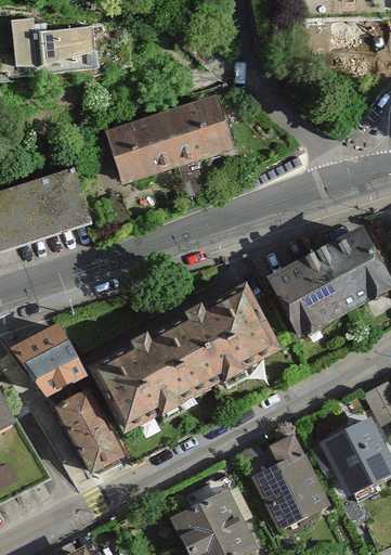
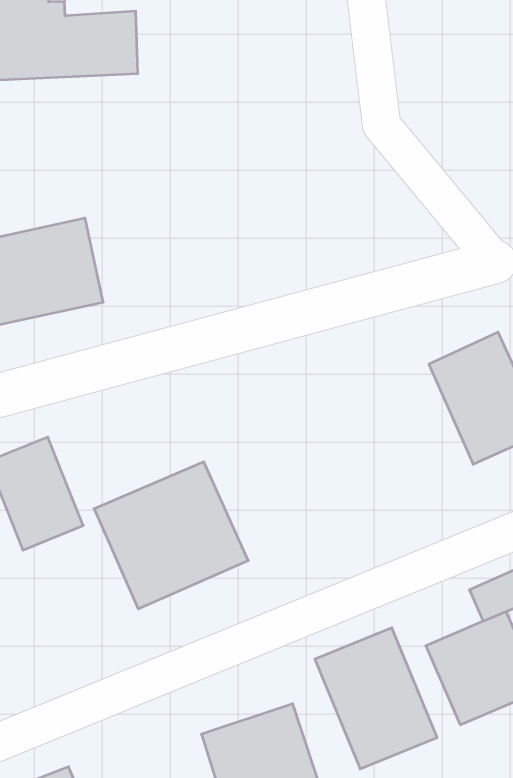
building: [108,96,234,182] -> none
building: [259,251,346,345] -> none
building: [162,287,276,393] -> none
building: [51,388,127,480] -> none

